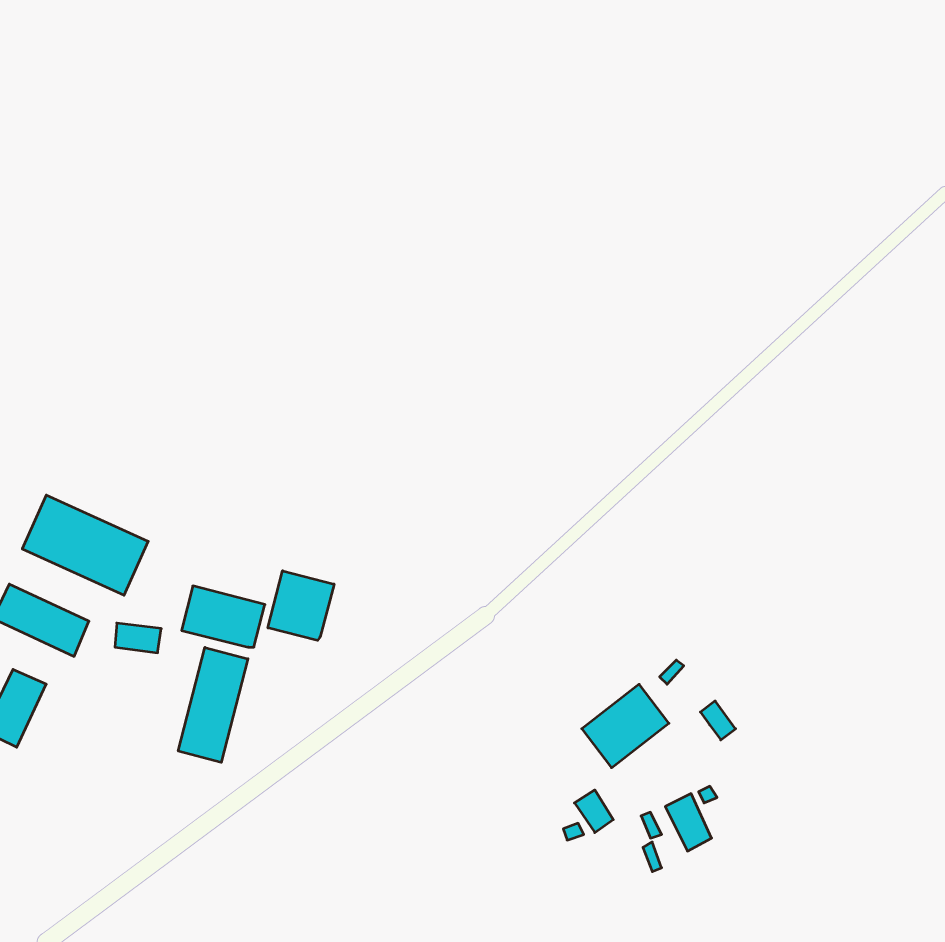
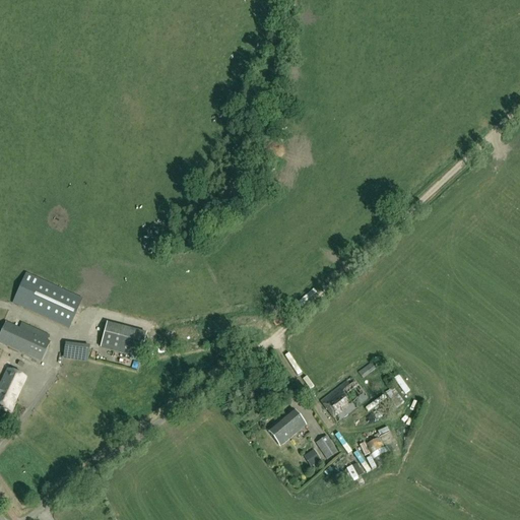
building: [268,571,334,640] -> none
building: [178,647,248,762] -> none
building: none -> [265,406,305,444]

